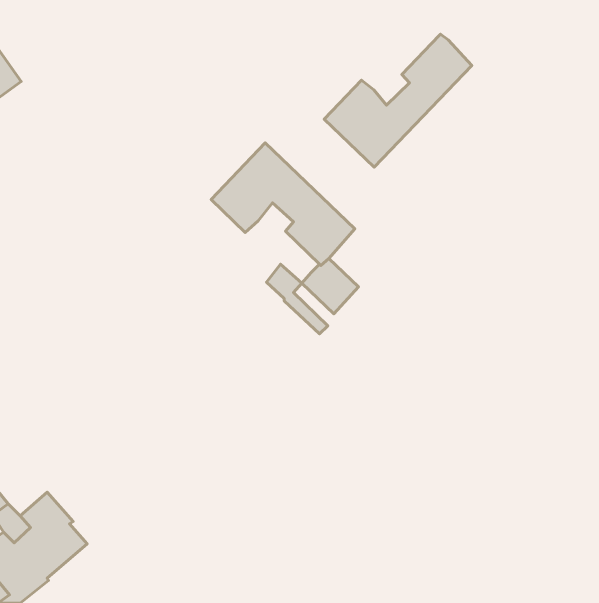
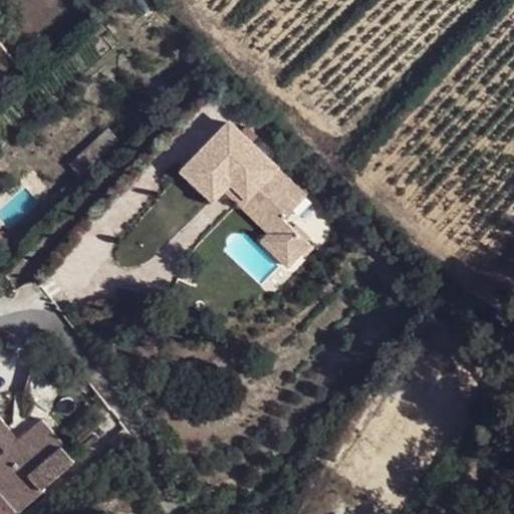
building: [324,34,472,167] -> none
building: [266,264,328,334] -> [220,173,272,232]

